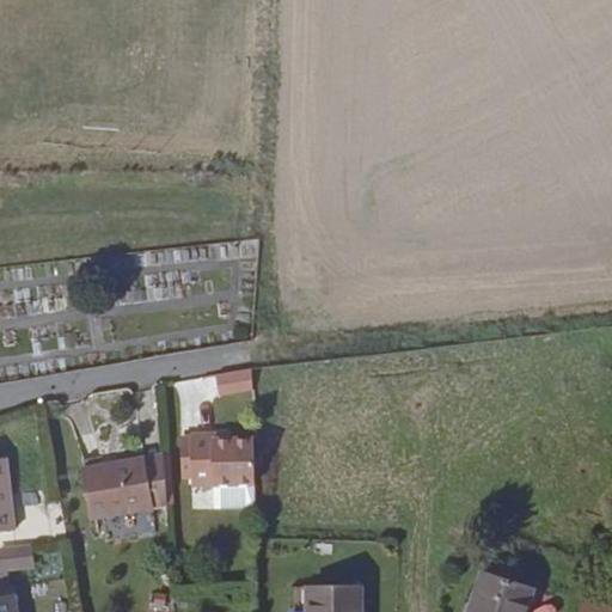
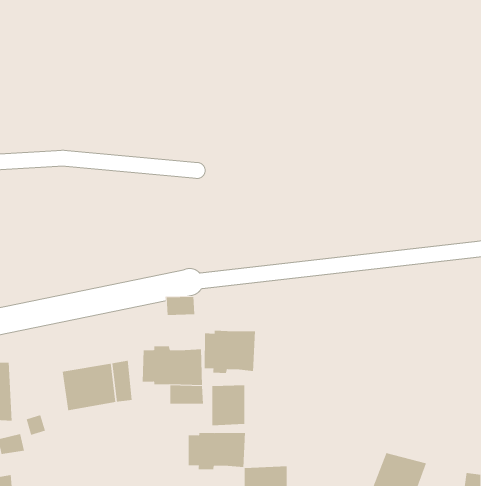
building: none -> [204,330,256,374]
building: none -> [212,385,245,426]
building: none -> [188,432,245,470]

